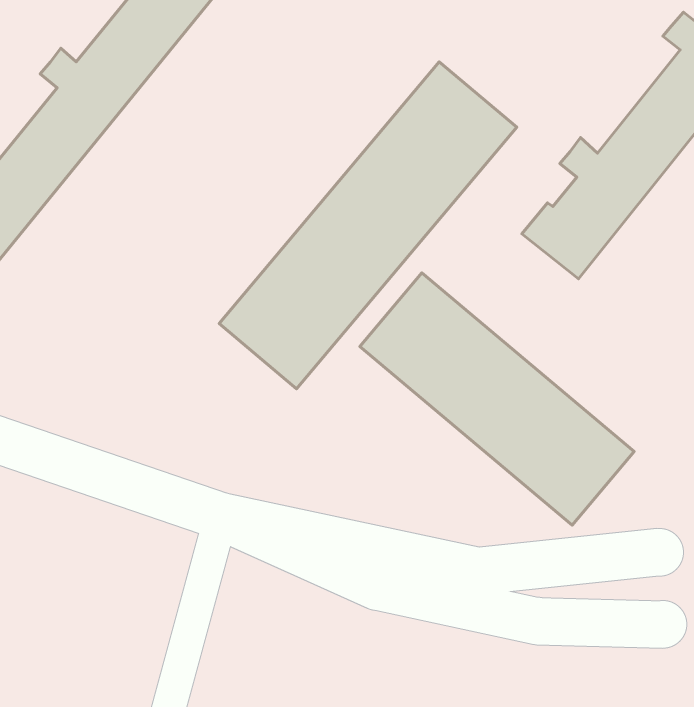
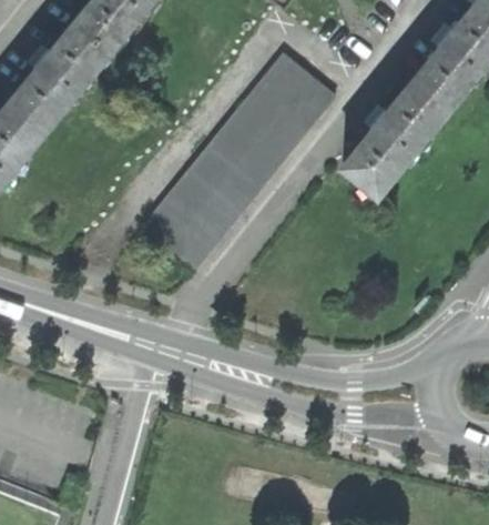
building: [360,273,634,525] -> none

